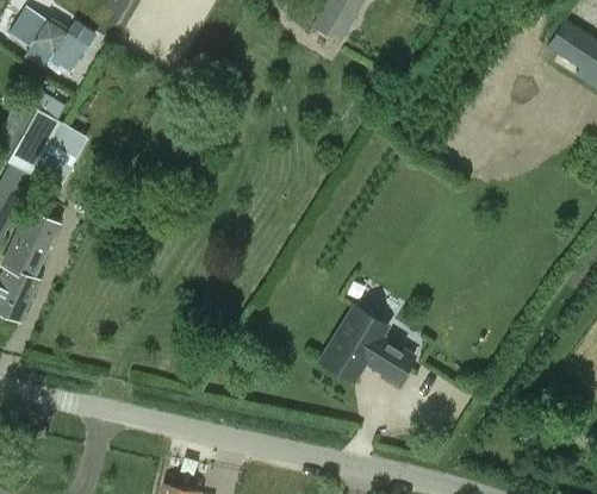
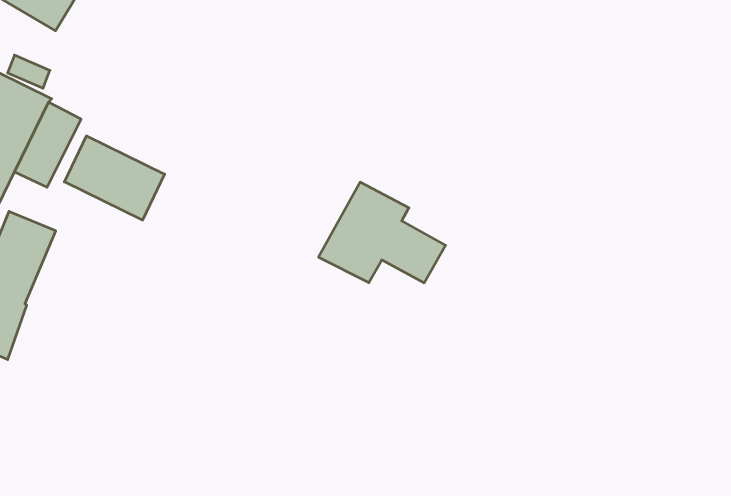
building: none -> [64,136,165,220]
building: [316,305,412,383] -> [319,182,446,283]

